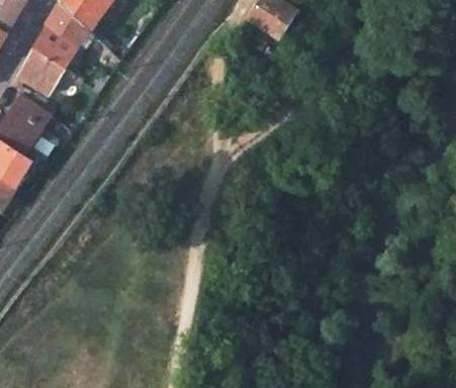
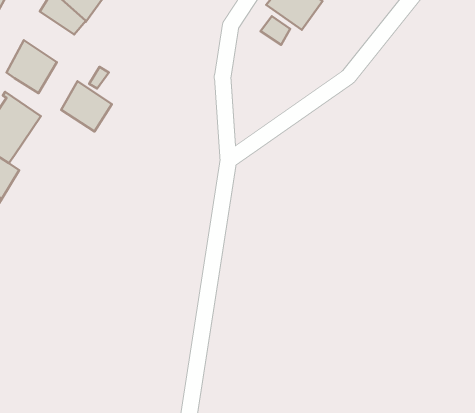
building: [34,22,79,67] -> [61,81,112,132]

